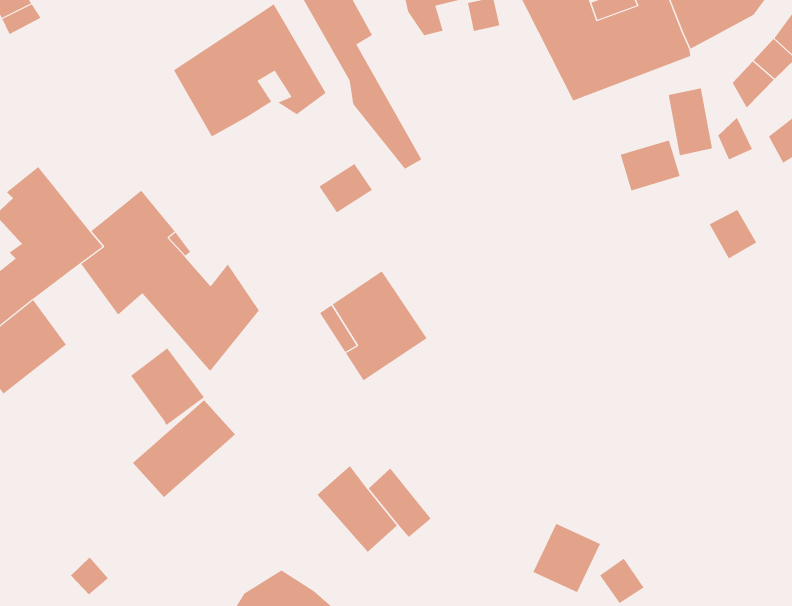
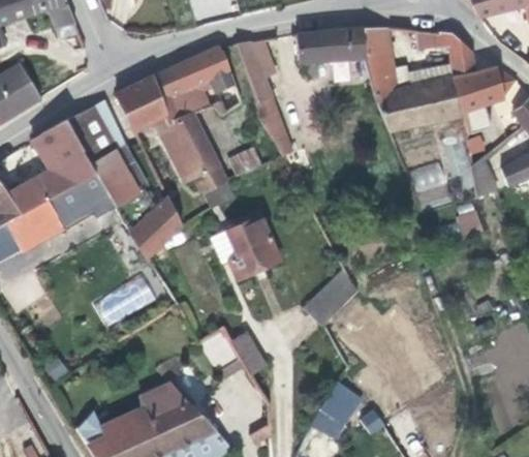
building: none -> [116,75,235,208]
building: none -> [65,101,124,163]
building: none -> [306,269,357,324]
building: [130,347,205,426] -> [50,185,92,232]

